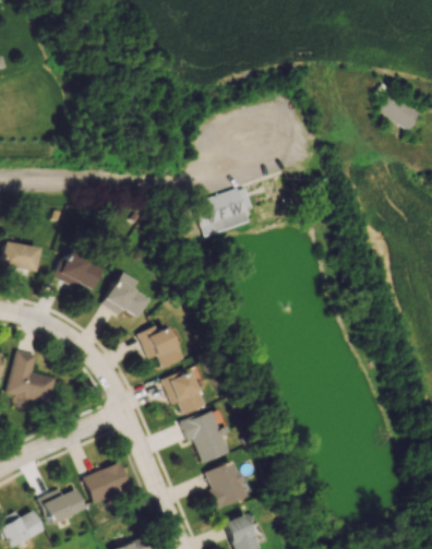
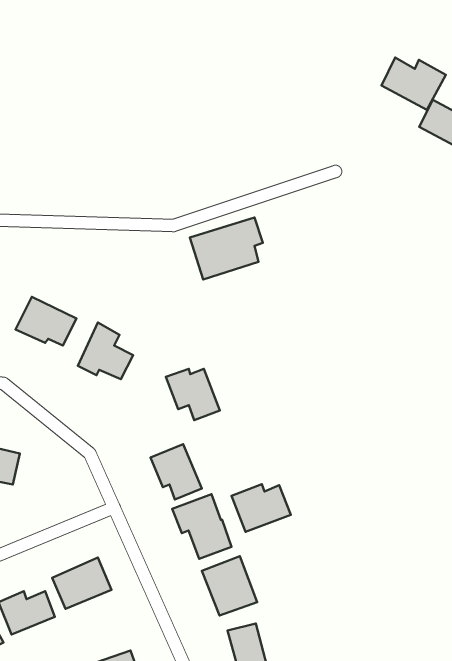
building: none -> [381,58,446,110]
building: [137,325,181,367] -> [166,369,220,420]
building: none -> [232,484,291,532]

